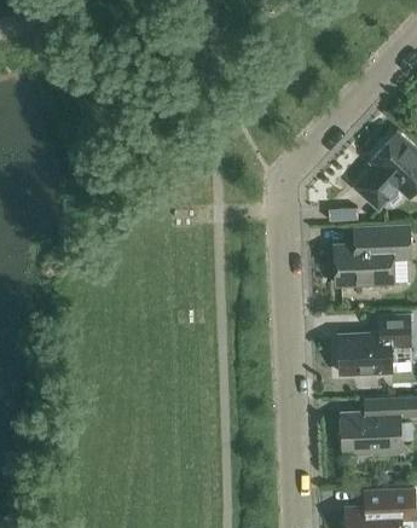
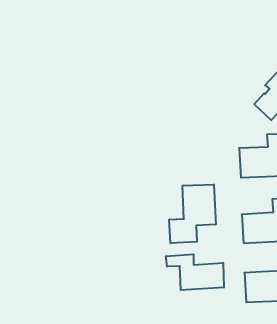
building: none -> [169,184,216,243]
building: none -> [166,254,224,290]

